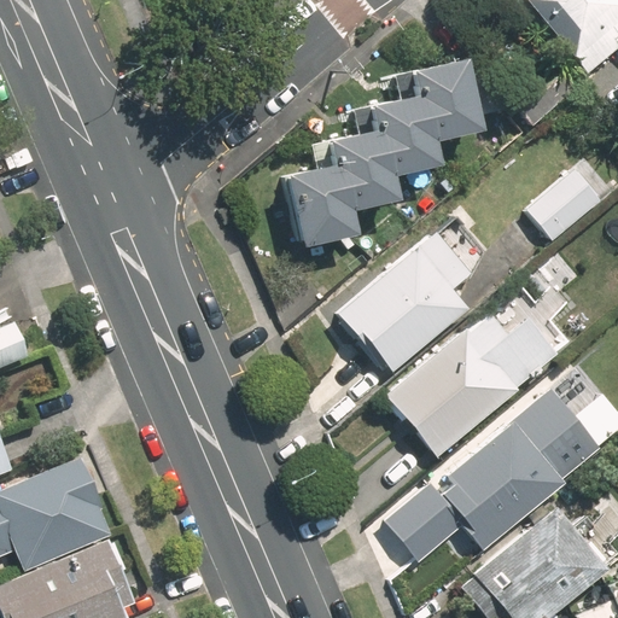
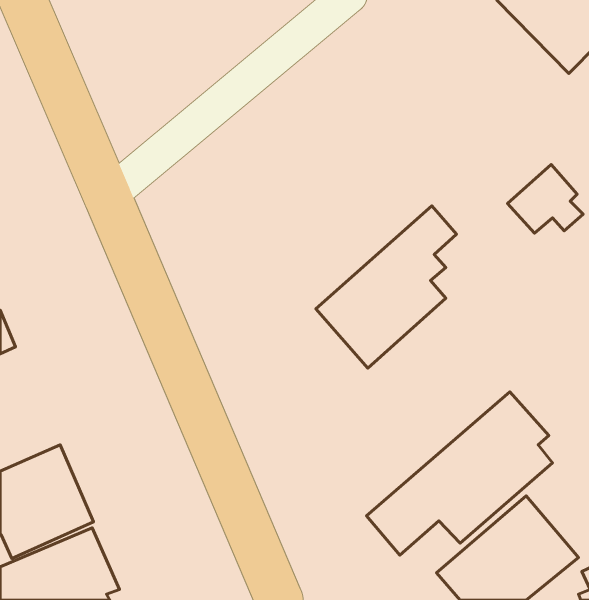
building: [275,62,515,249] -> none
building: [384,290,573,454] -> none

